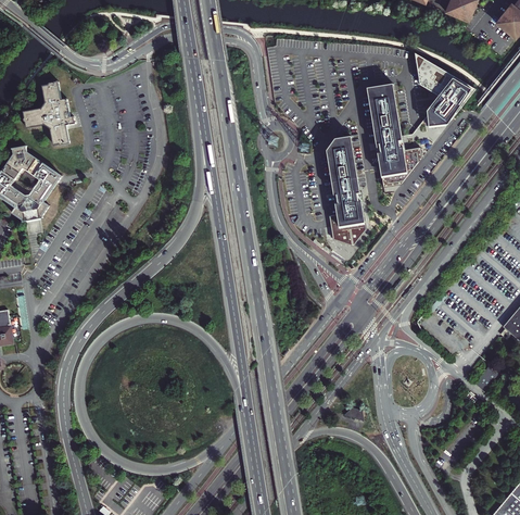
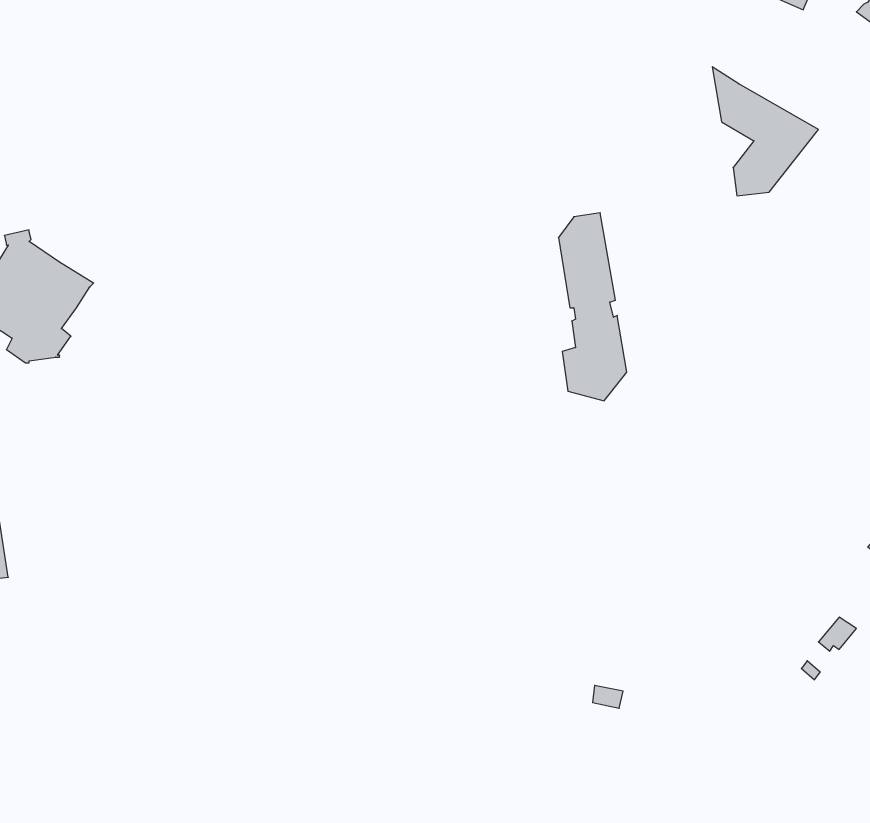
building: [22,79,74,143] -> none
building: [366,83,420,185] -> none

